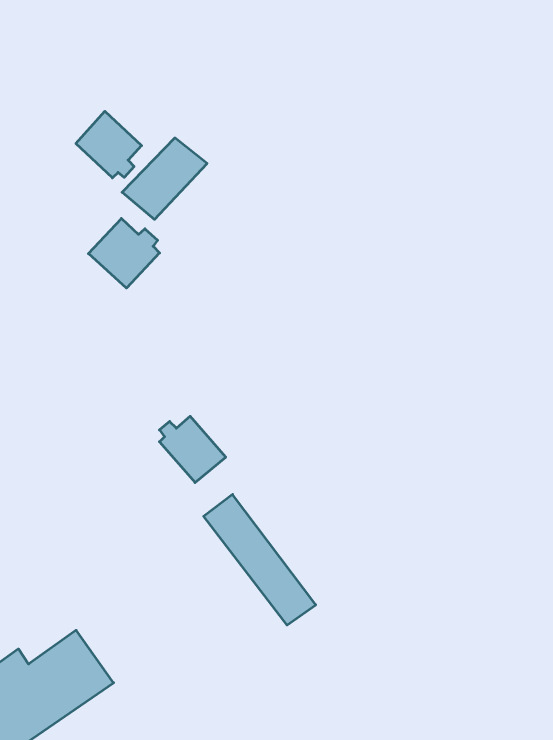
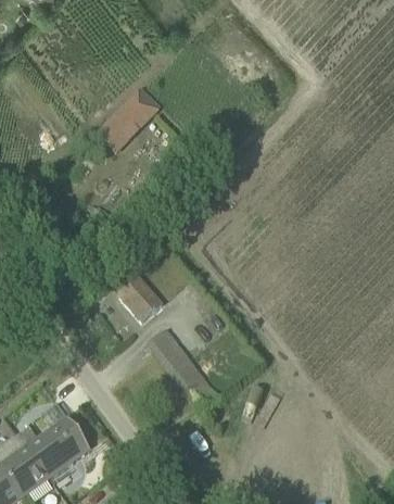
building: [76,111,142,178] -> none
building: [88,218,160,288] -> none

